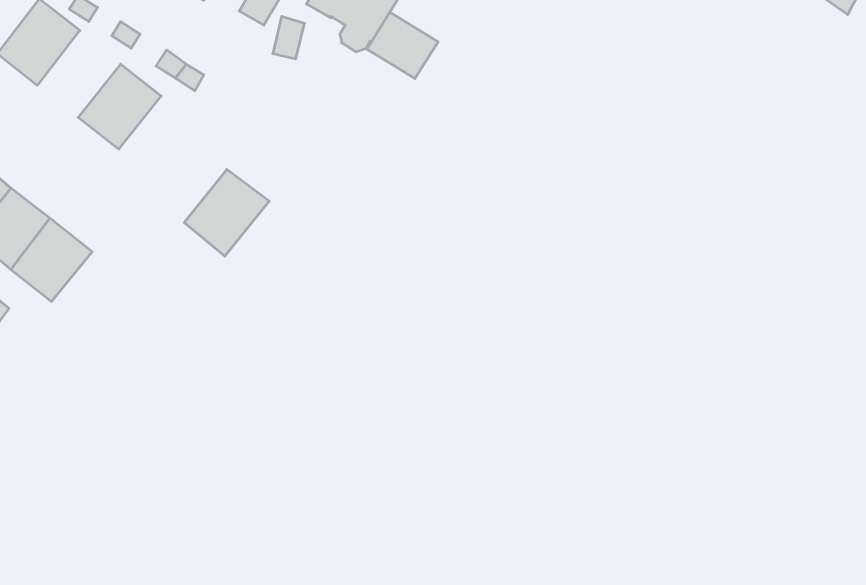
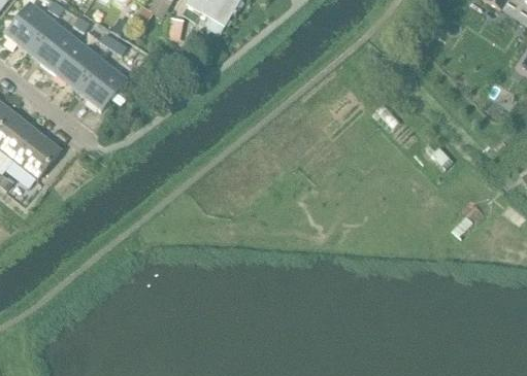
building: [367,12,438,79] -> none
building: none -> [29,20,77,70]
building: [184,169,269,256] -> [76,58,126,108]

